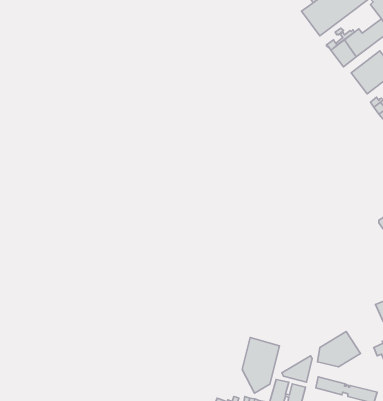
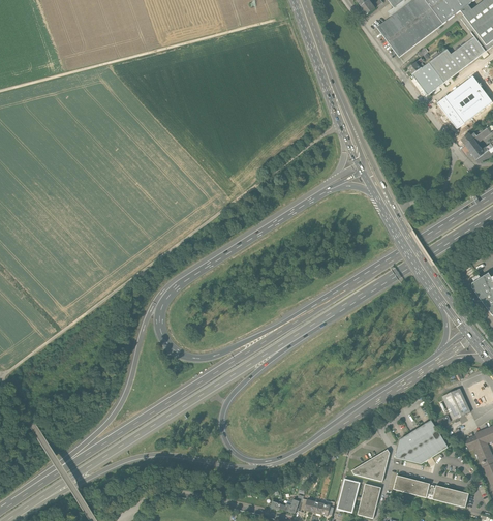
building: none -> [441,388,470,420]
building: [242,337,280,393] -> none

